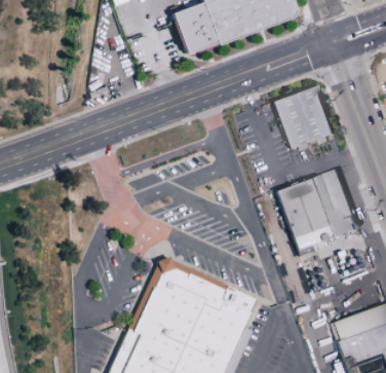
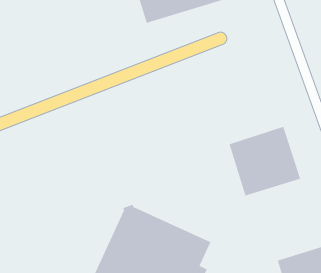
building: [273,86,334,149] -> none

